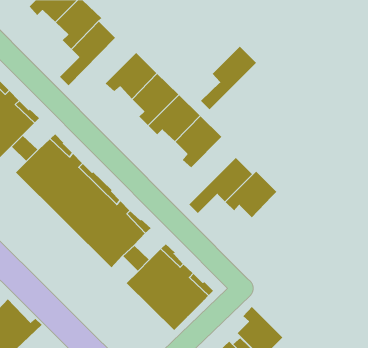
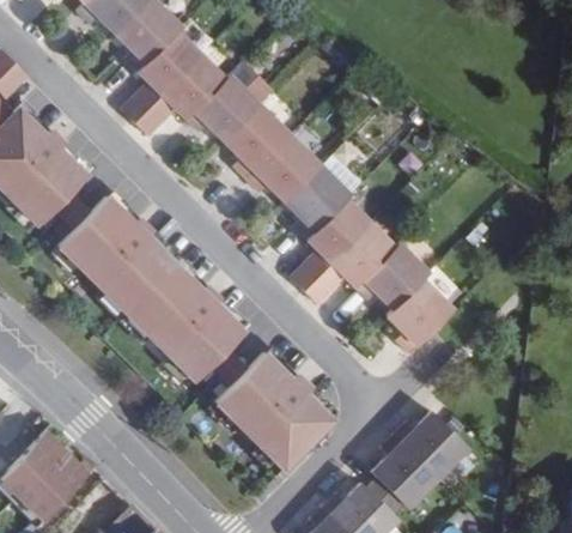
building: none -> [134,56,226,138]
building: [200,46,257,110] -> [291,201,371,292]
building: none -> [387,281,454,356]
building: none -> [394,413,468,480]

